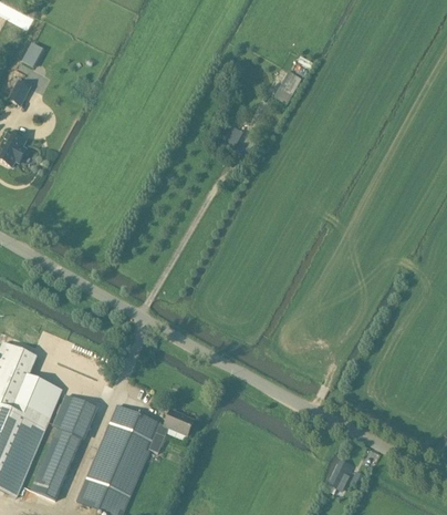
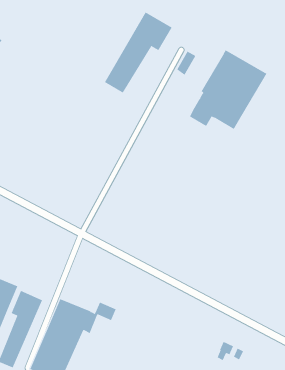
building: none -> [104,12,173,94]
building: none -> [189,49,267,130]

